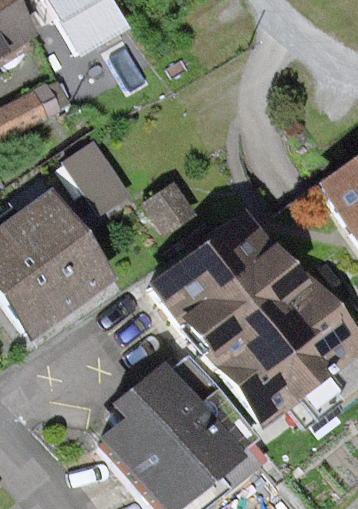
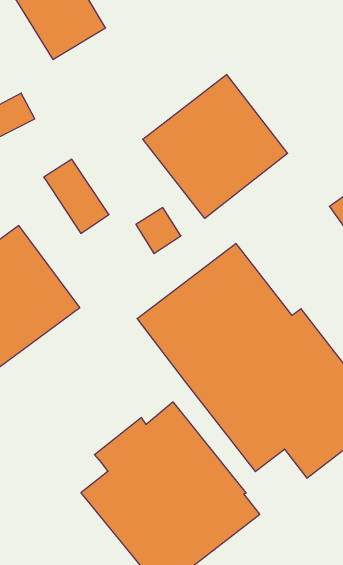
building: none -> [143,75,288,218]

